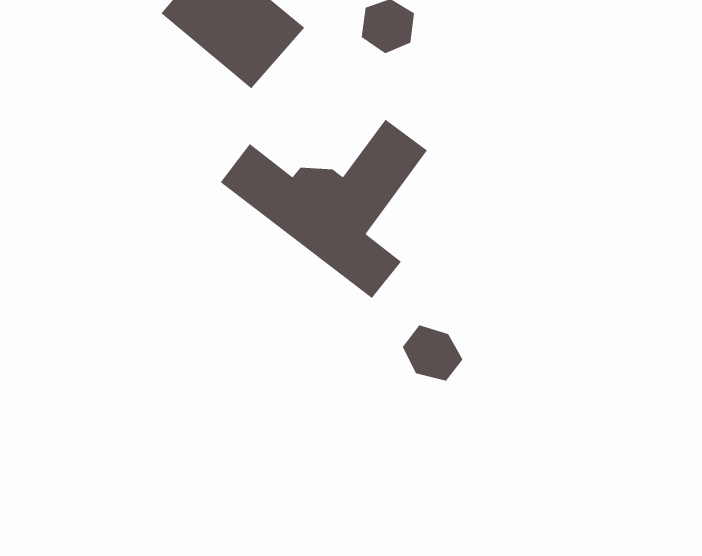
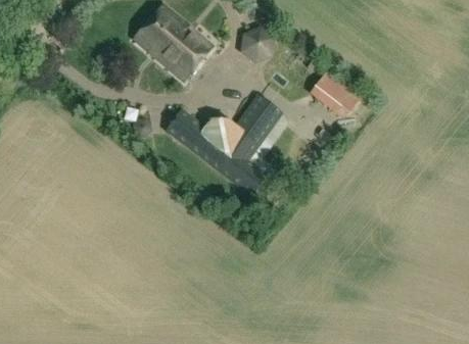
building: none -> [310,68,362,117]
building: [402,325,463,382] -> none

